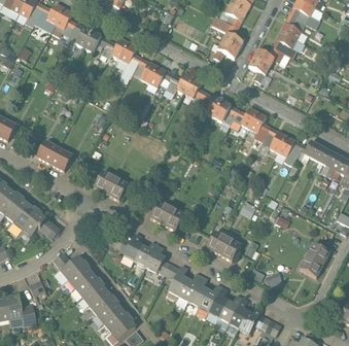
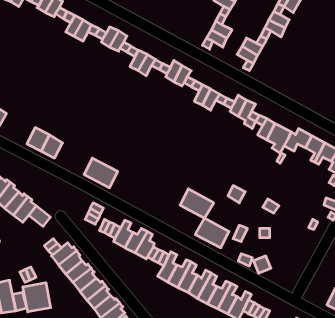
building: [150,201,184,231] -> [180,189,214,218]
building: [301,244,328,277] -> none
building: none -> [23,283,51,312]

